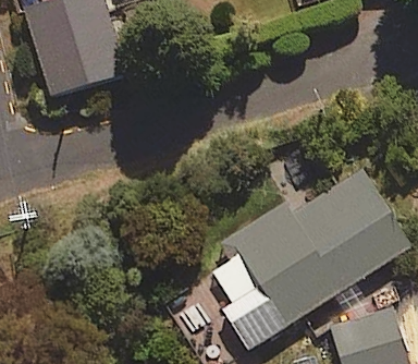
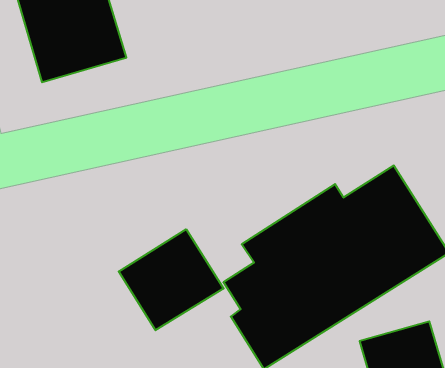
building: none -> [119,229,224,330]

